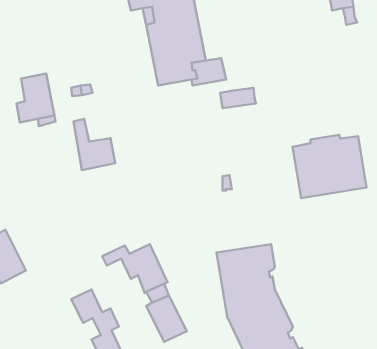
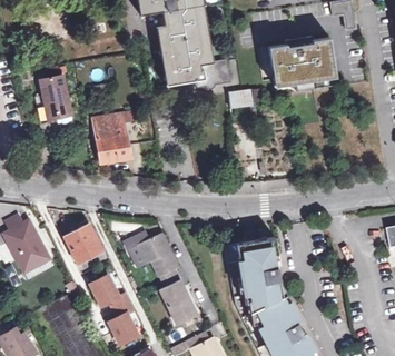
building: none -> [101,112,126,137]
building: [293,135,367,198] -> [268,34,337,93]
building: none -> [65,225,101,263]

